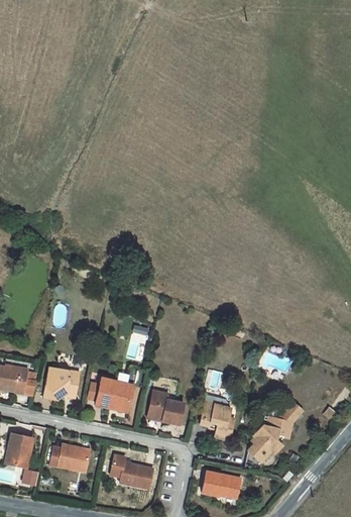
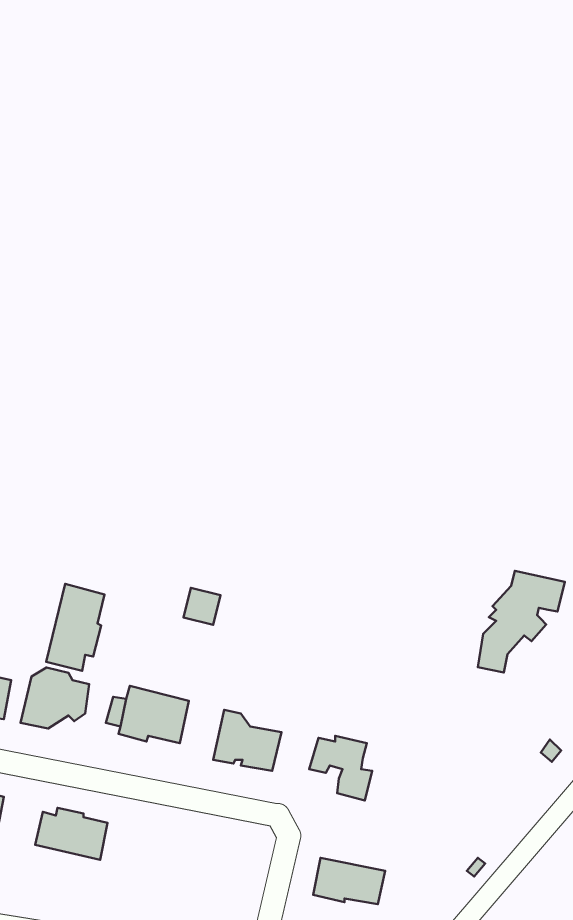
building: none -> [46,584,104,671]
building: [244,415,291,471] -> [478,571,565,673]
building: [110,454,152,488] -> none

